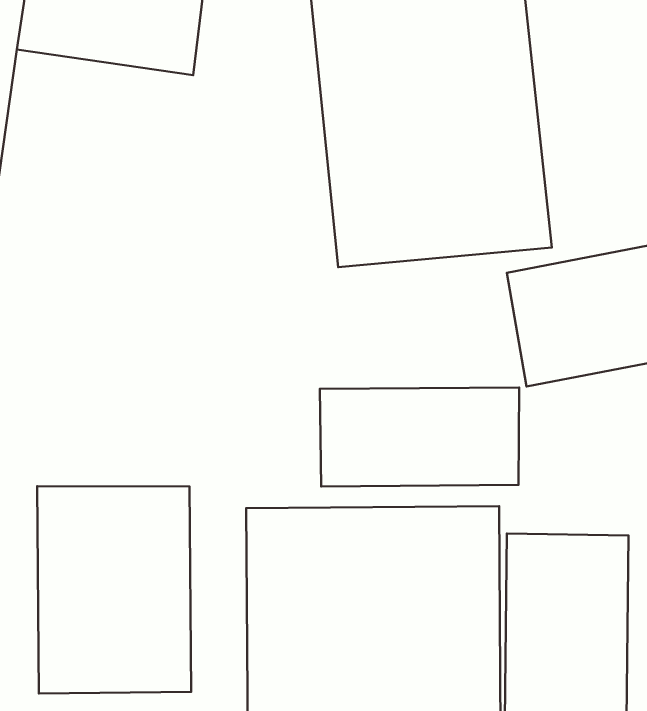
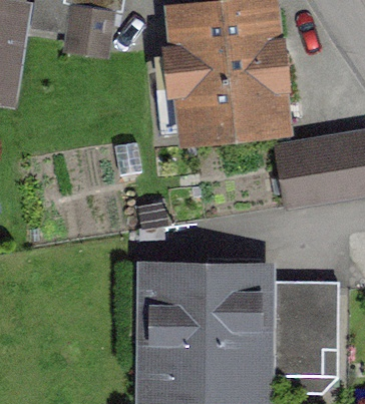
building: [320,388,519,486] -> none
building: [37,486,191,694] -> none

